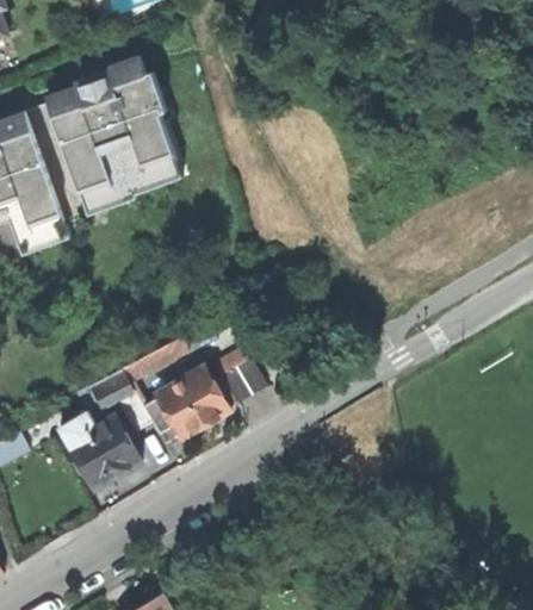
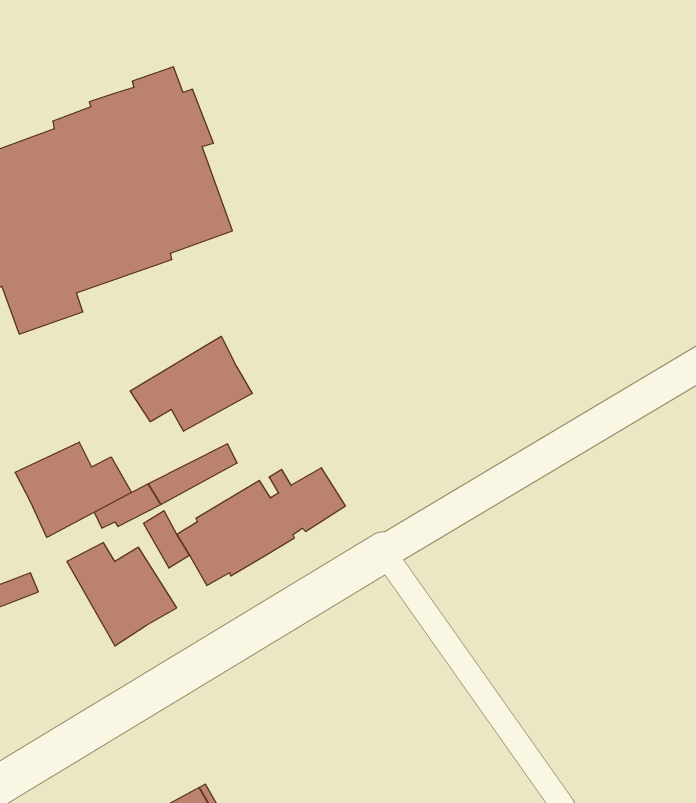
building: none -> [130,336,252,431]
building: none -> [15,442,131,537]

